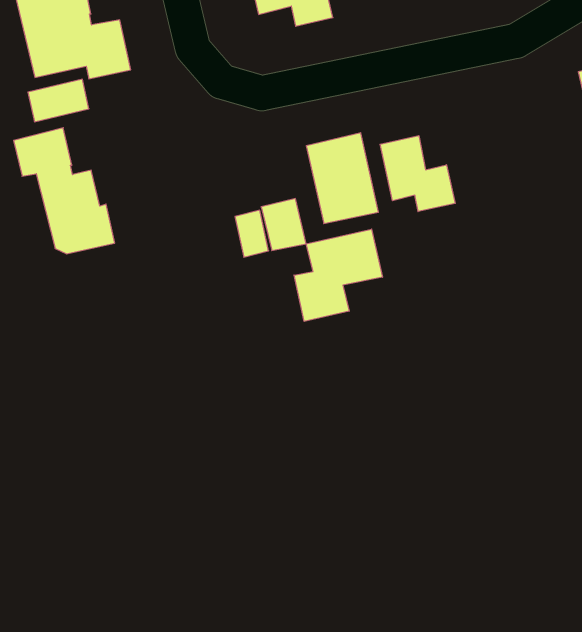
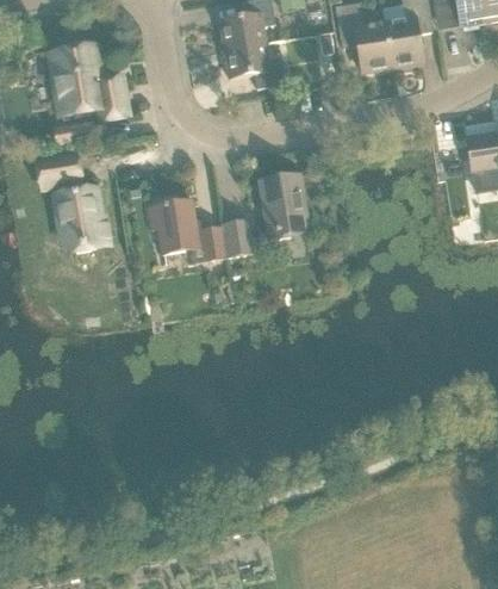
building: [380,136,455,212] -> none
building: none -> [150,198,198,252]
building: [294,229,382,321] -> none

